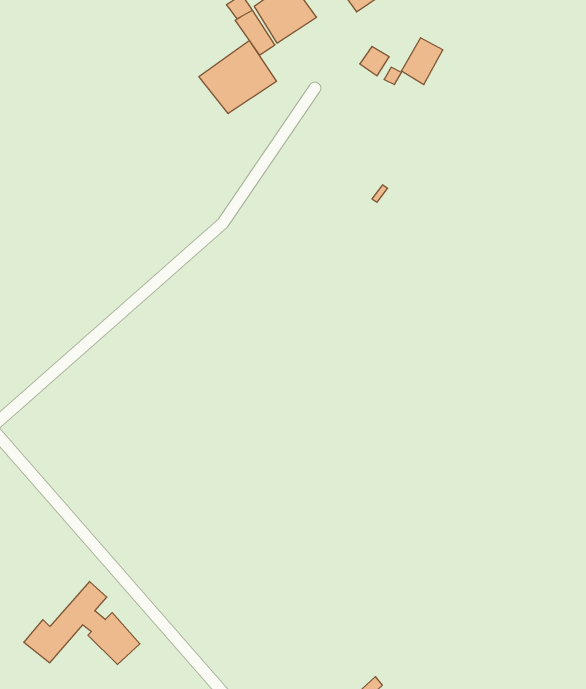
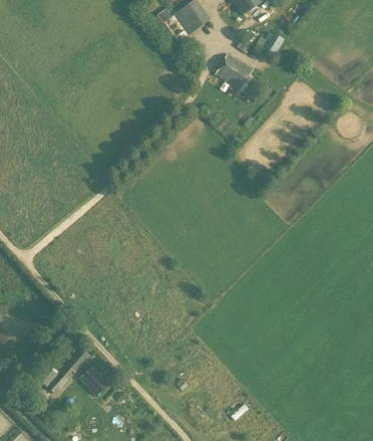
building: [199,40,276,114] -> none
building: none -> [217,52,254,88]

